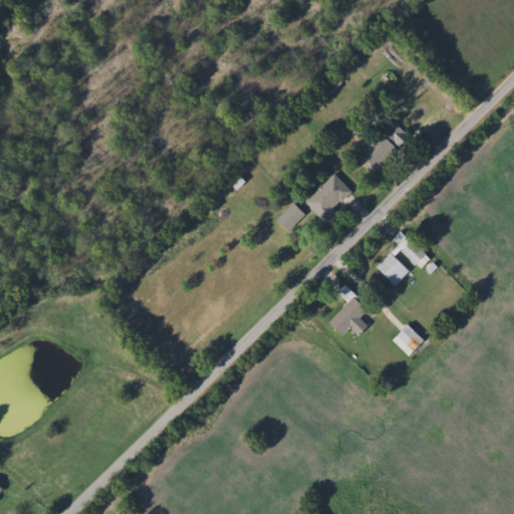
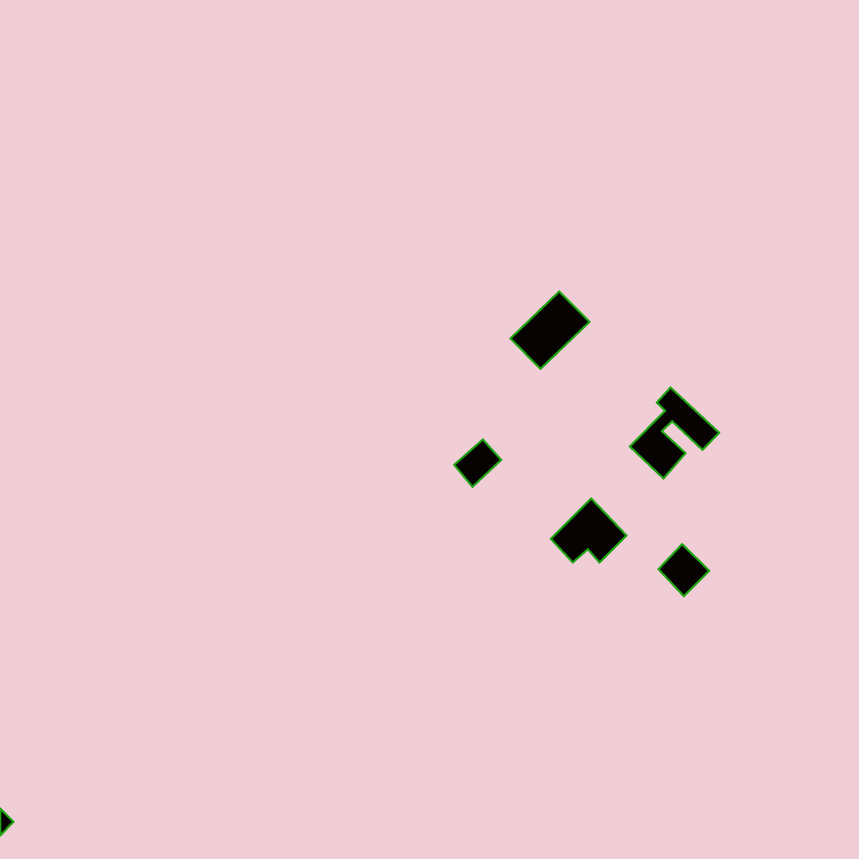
building: [356,120,410,175] -> none
building: [277,203,305,231] -> [454,440,501,487]

